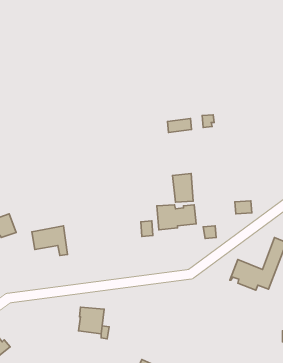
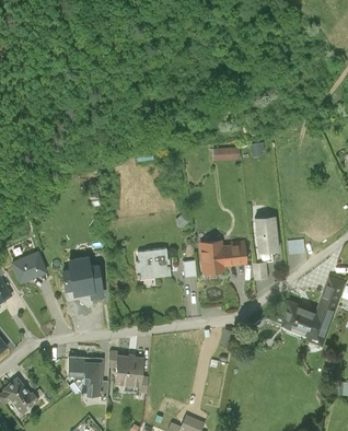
building: [172,173,193,202] -> [254,221,277,253]
building: none -> [135,248,171,279]
building: none -> [67,357,103,393]

